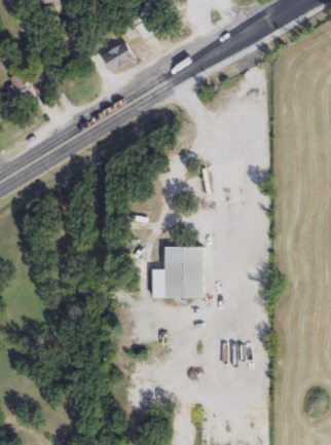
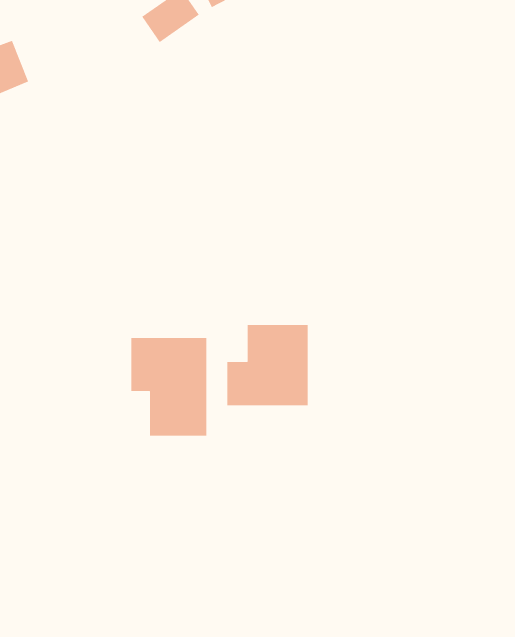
building: none -> [131,337,207,436]

